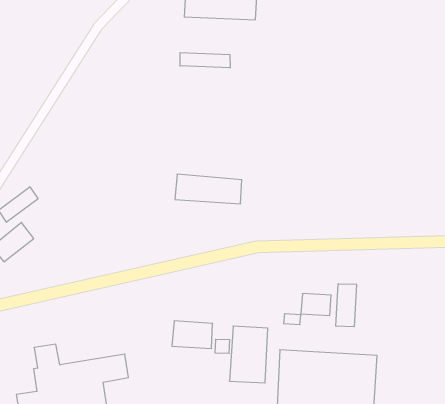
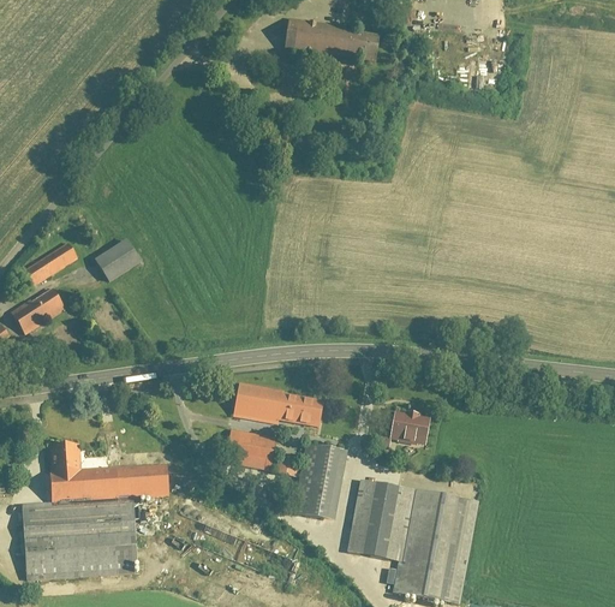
building: [180,53,230,68] -> none
building: [175,174,242,204] -> [233,382,320,428]
building: none -> [94,236,142,280]
building: [336,284,357,327] -> none

